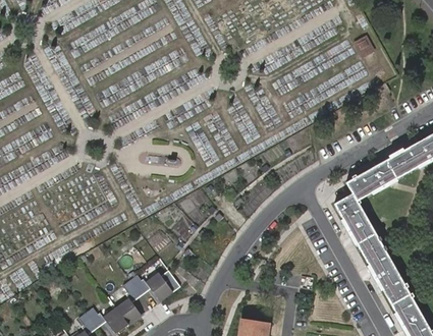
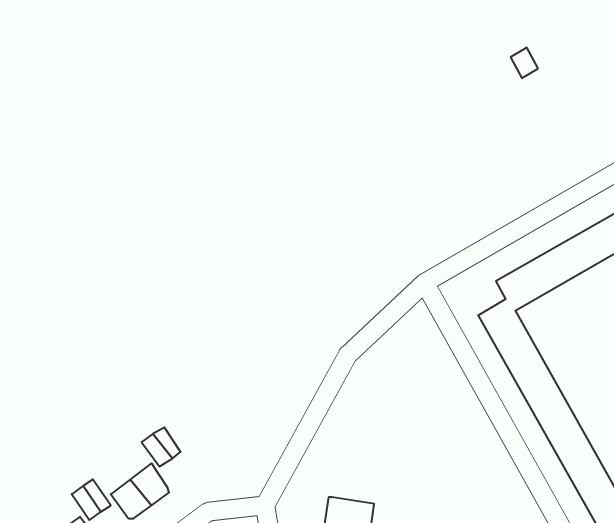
building: [146,269,180,300] -> none

